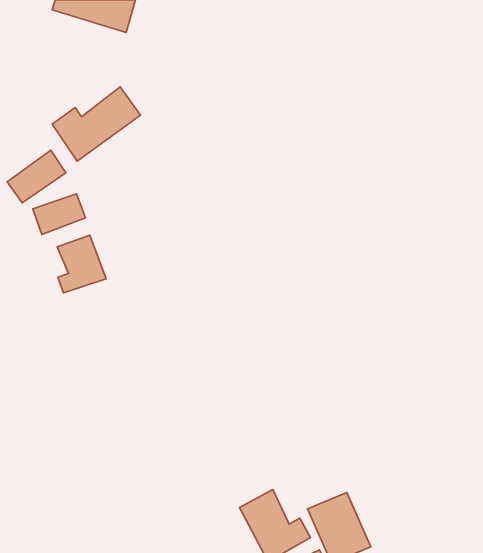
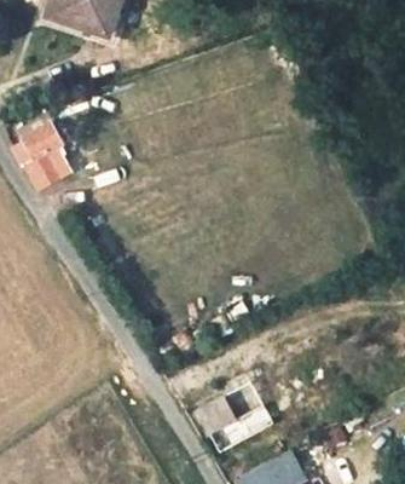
building: [52,87,140,161] -> none
building: [57,235,106,293] -> none

